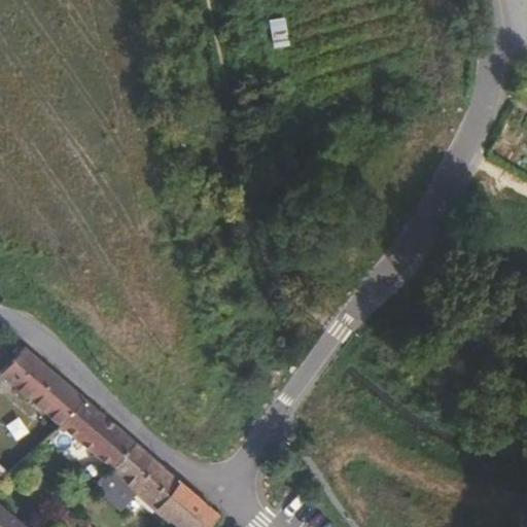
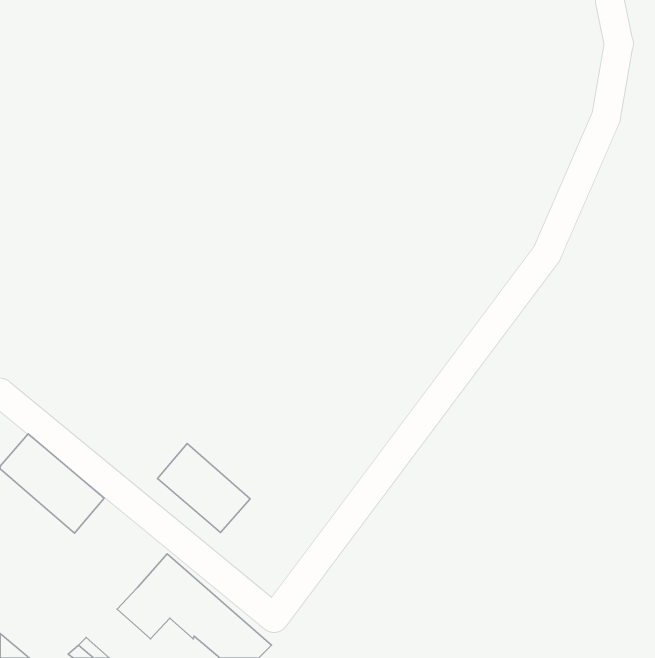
building: [62,398,136,469] -> [158,444,250,532]

